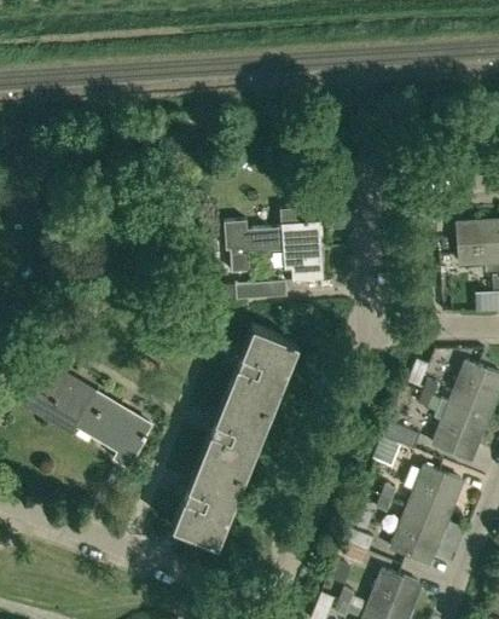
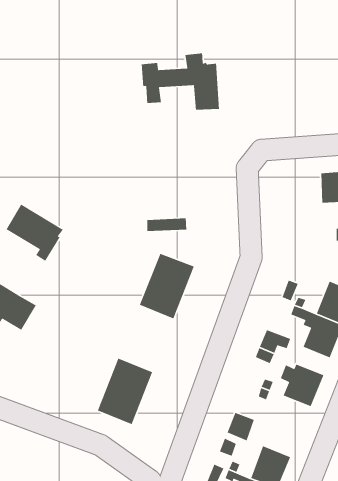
building: [225,209,325,283] -> [141,53,220,111]
building: [79,394,152,468] -> [6,204,64,262]
building: [201,394,272,479] -> none
building: [393,509,446,566] -> none

